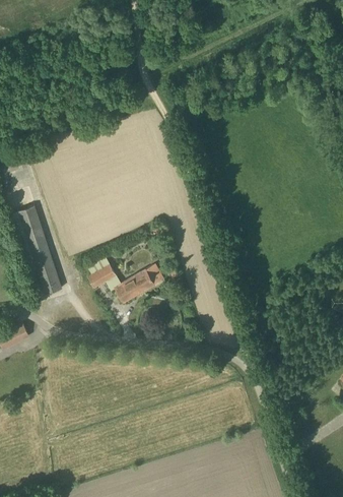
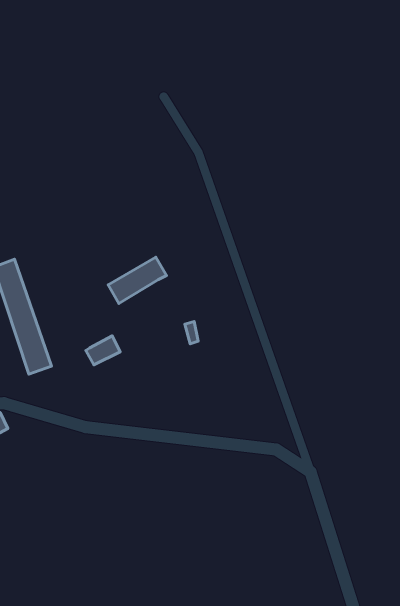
building: [115,267,159,303] -> [108,257,167,303]

